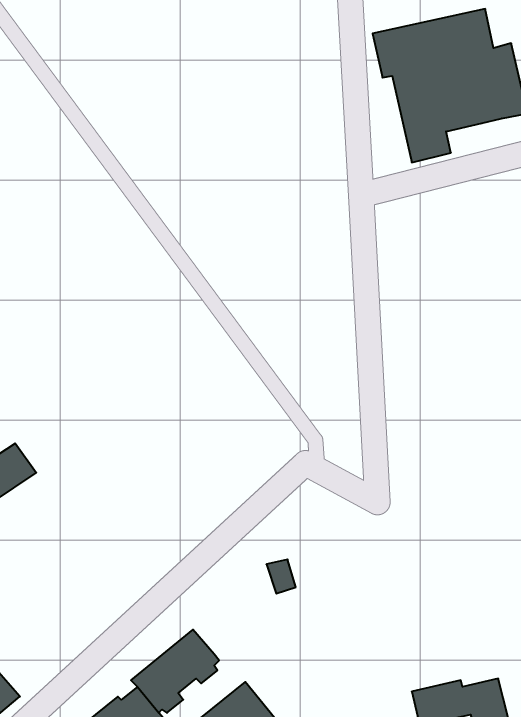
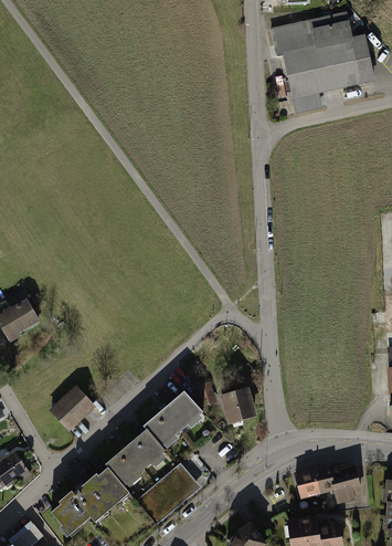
building: none -> [220,388,256,426]
building: none -> [51,390,97,435]
building: none -> [142,392,202,447]

